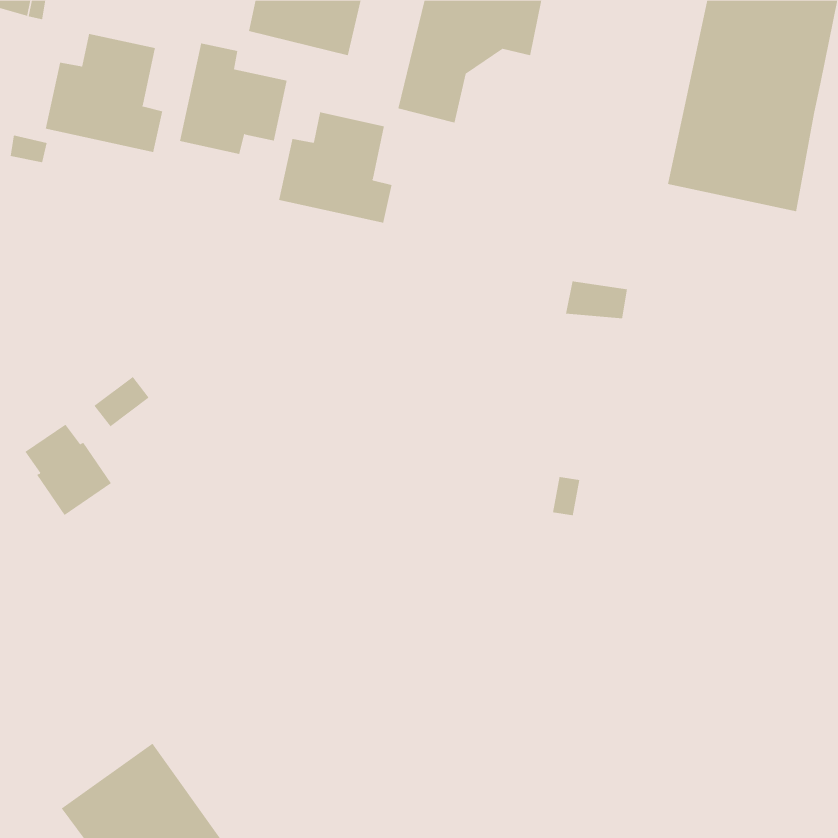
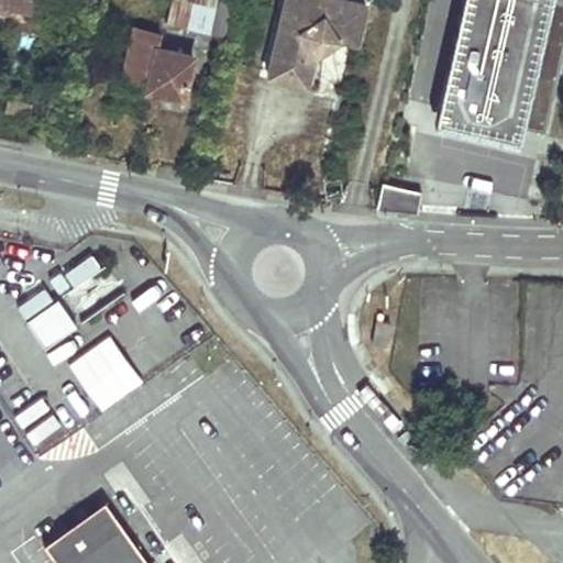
building: [45,33,163,153] -> none
building: [278,112,392,223] -> none
building: none -> [66,333,142,410]

